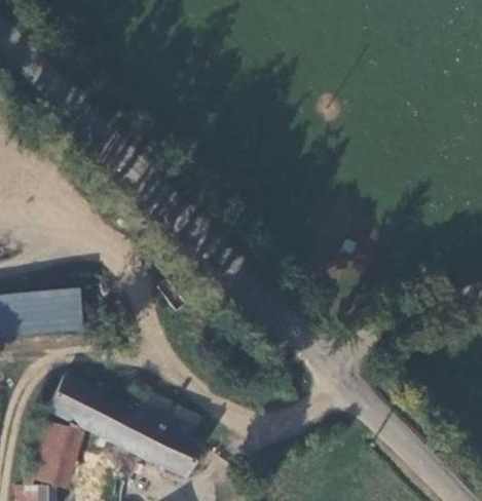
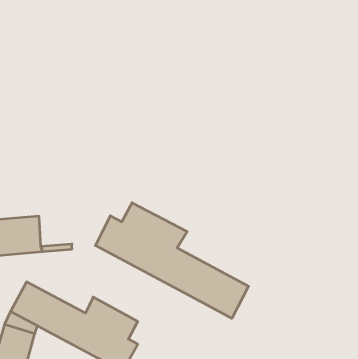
building: none -> [95,203,249,318]

